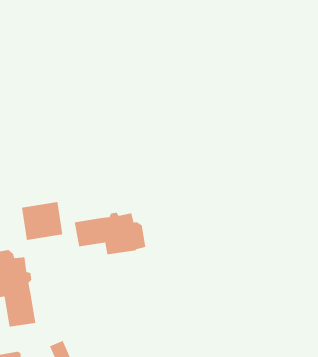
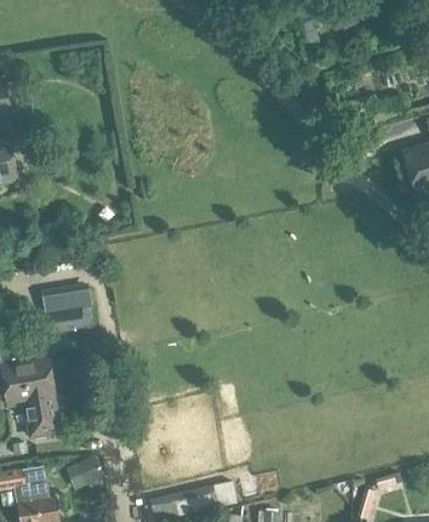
building: [74,212,146,255] -> none

